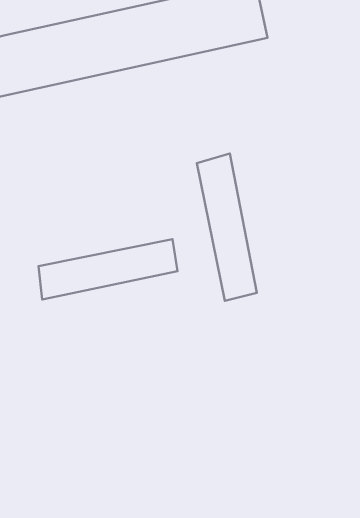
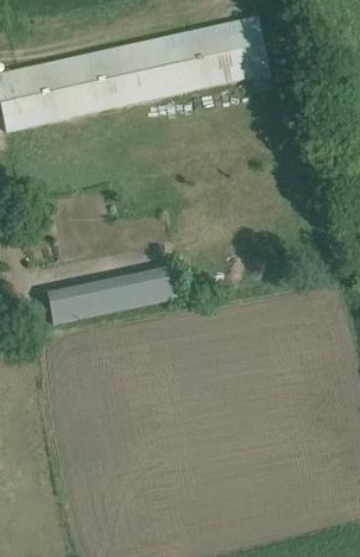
building: [197,153,257,301] -> none

